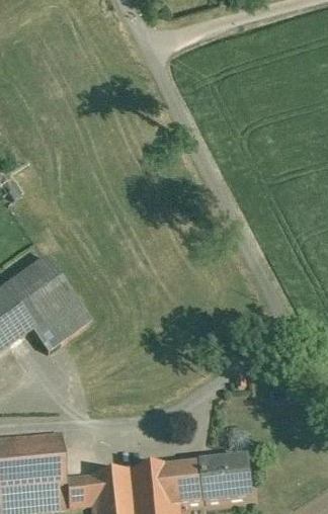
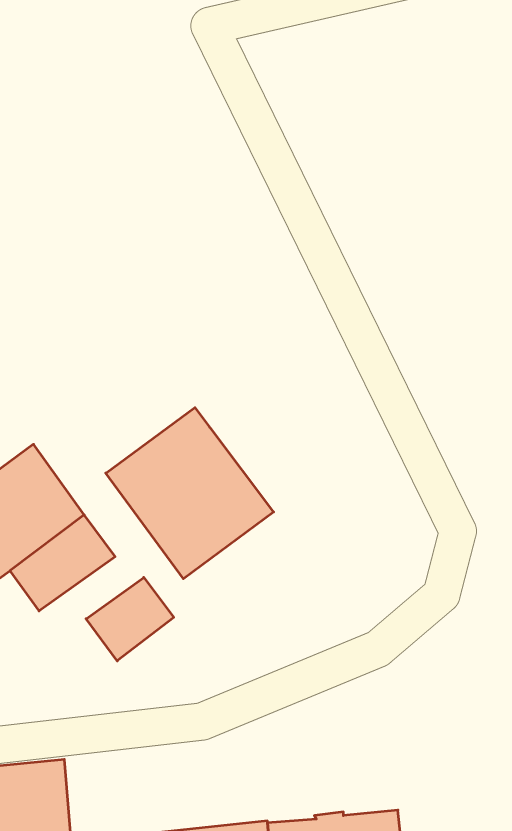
building: none -> [106,408,274,579]
building: none -> [86,577,174,661]

